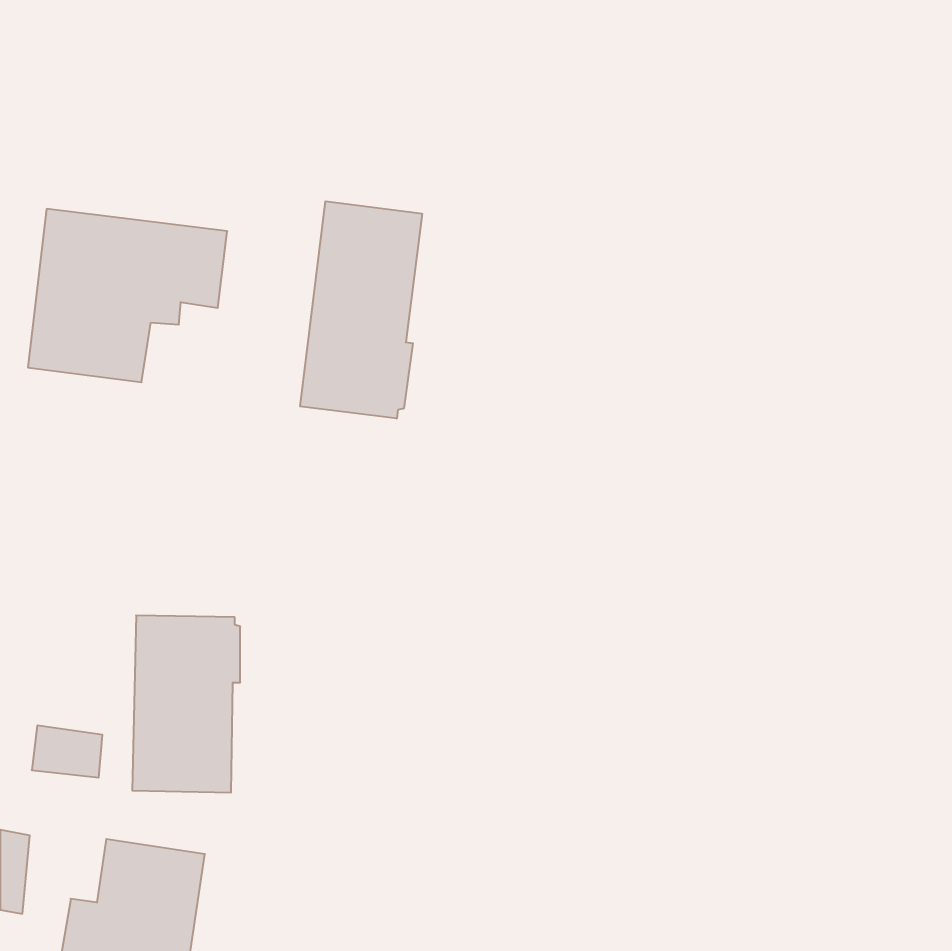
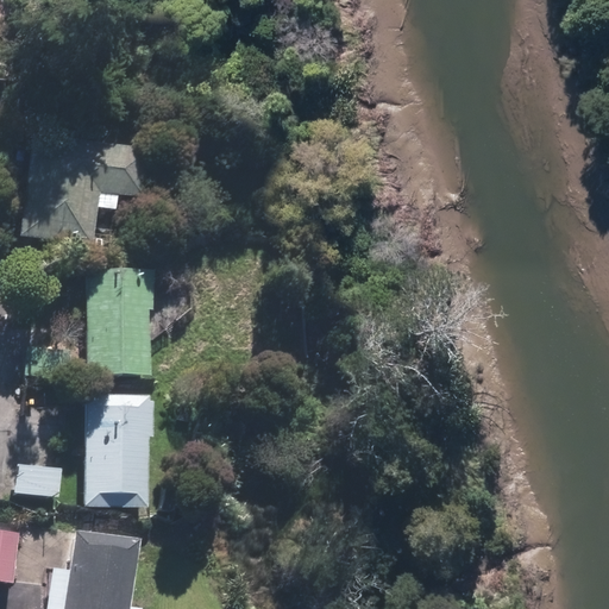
building: [300,201,422,419] -> none
building: none -> [89,268,157,375]

